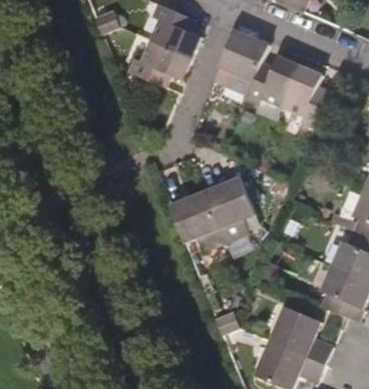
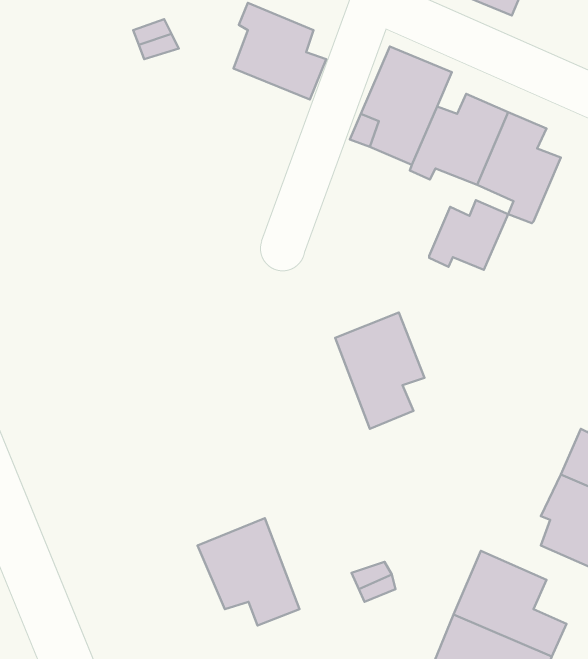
building: [128,40,191,88] -> none
building: none -> [429,200,508,270]
building: [167,188,224,248] -> [198,518,300,626]

